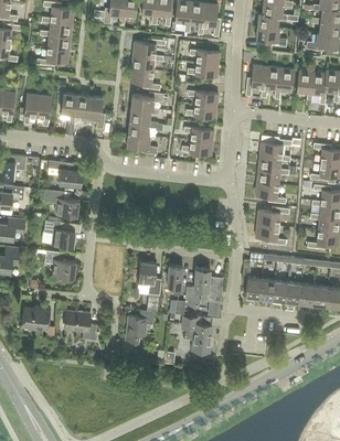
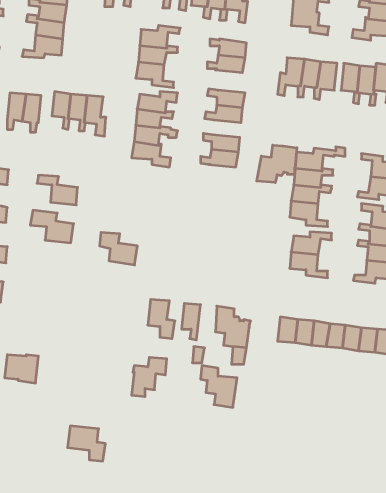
building: none -> [257,145,297,183]
building: [44,219,75,246] -> [100,232,137,265]
building: [45,249,76,276] -> none
building: [65,310,96,338] -> [68,426,105,461]

